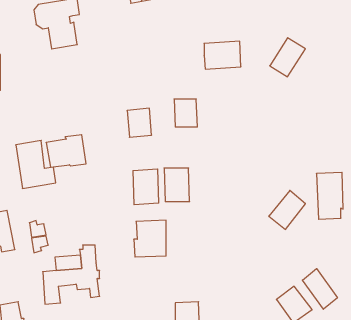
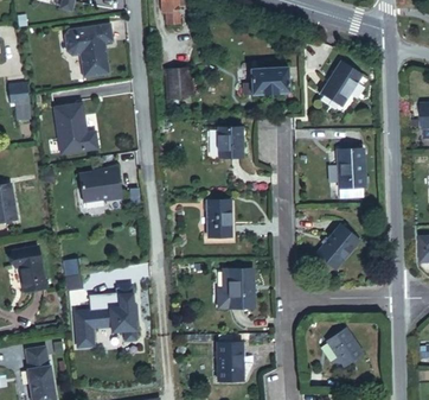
building: [127,108,152,137] -> [162,70,188,101]
building: [16,140,56,188] -> [53,103,96,154]
building: [133,169,159,205] -> none
building: [316,172,343,219] -> [333,150,361,199]
building: [134,220,166,257] -> [218,271,252,310]
building: [302,269,337,309] -> none

